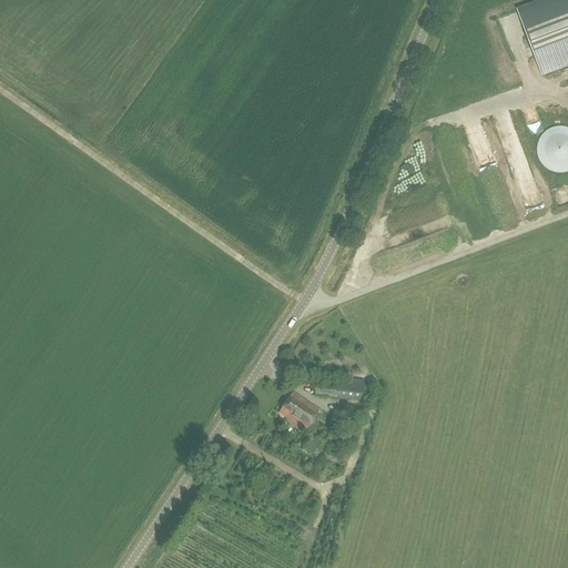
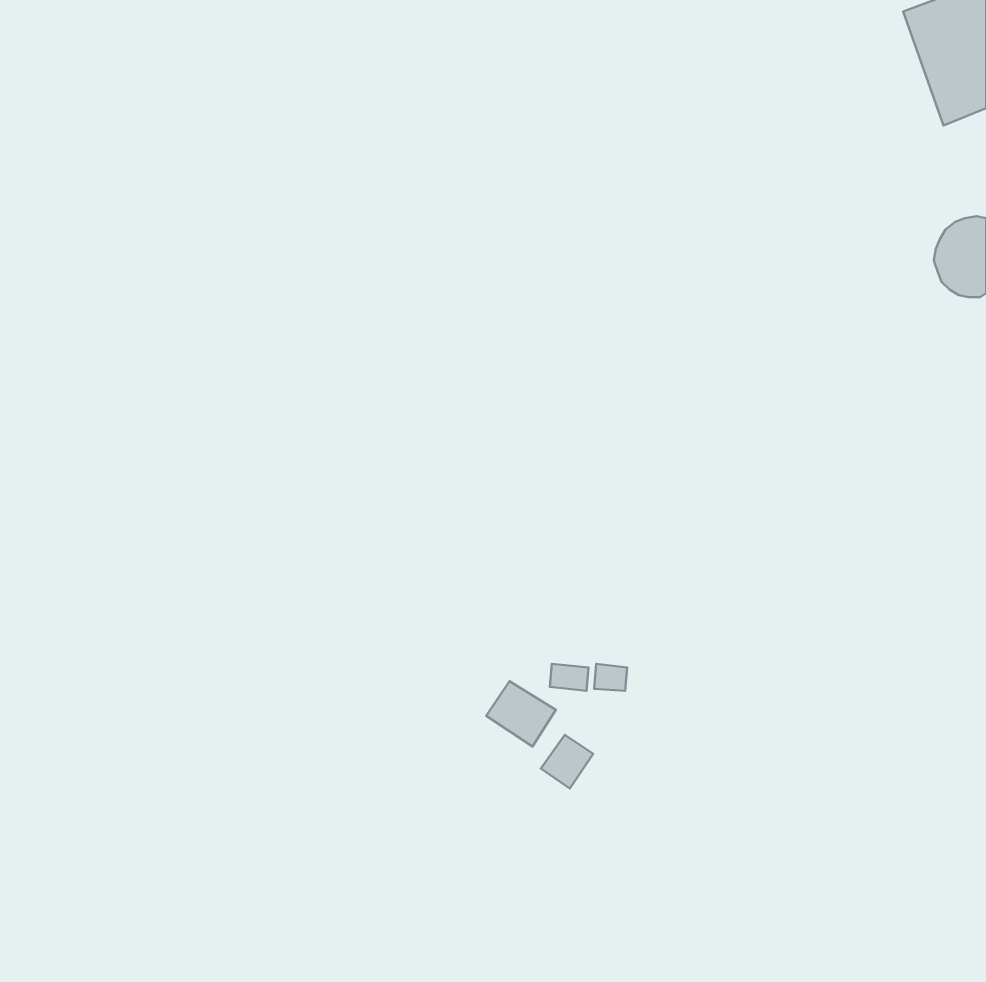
building: none -> [541,735,593,789]

